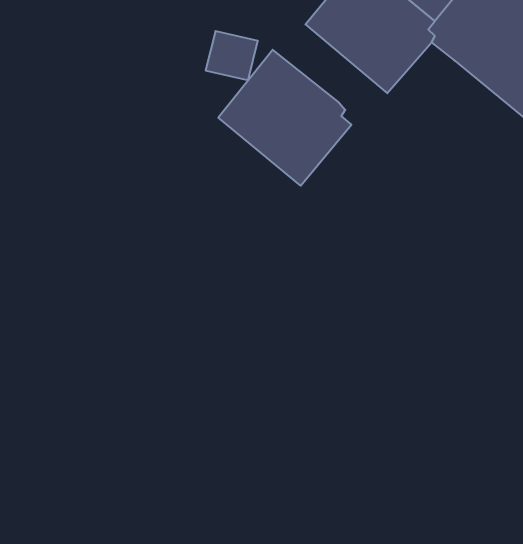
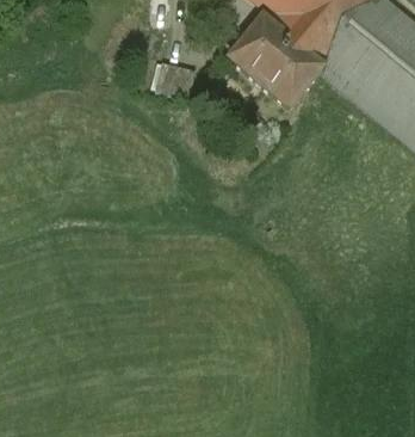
building: [218,50,351,186] -> none

